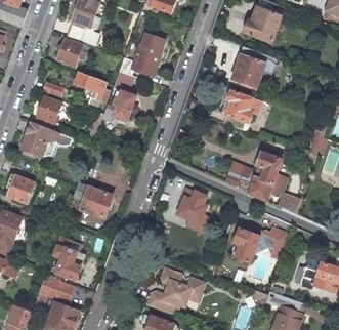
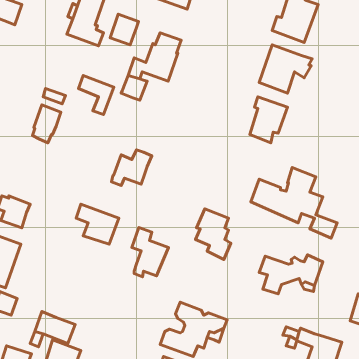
building: [57,39,82,66] -> [110,14,138,45]
building: [101,90,136,121] -> [112,150,152,185]
building: [22,121,55,156] -> none
building: [52,237,84,280] -> [132,227,168,277]

